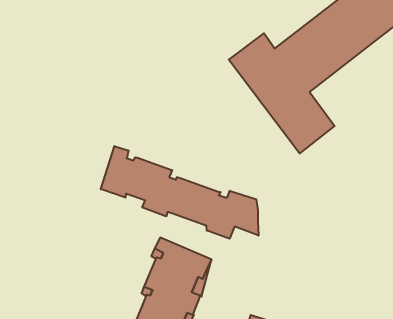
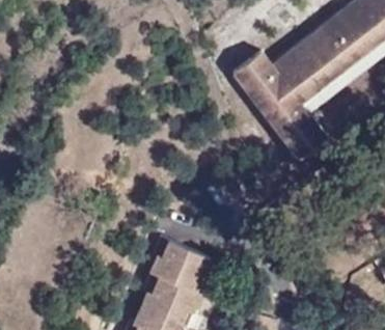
building: [101,146,258,239] -> none

